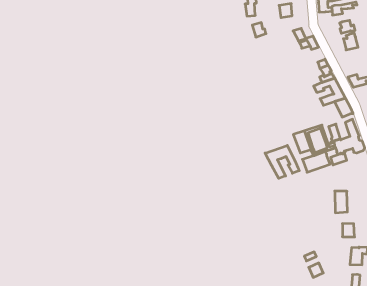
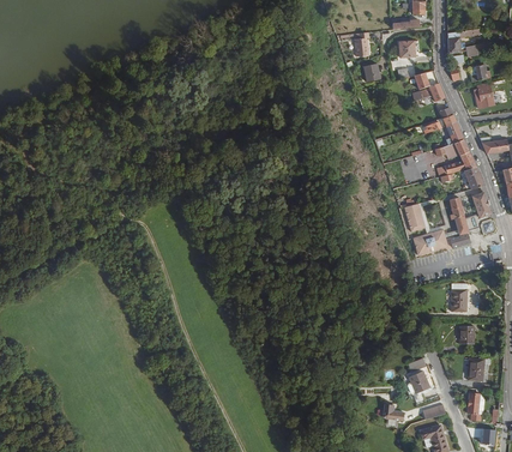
building: [265,145,299,178] -> none

